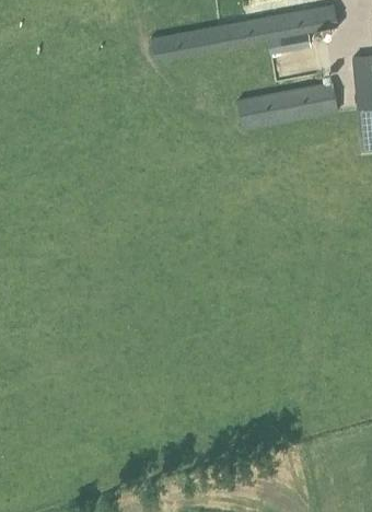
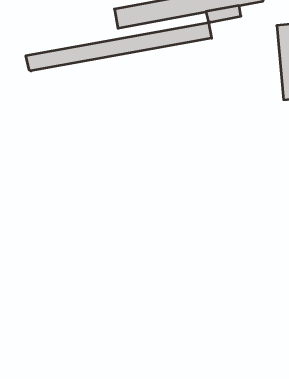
building: none -> [26,22,212,71]
building: [237,83,338,129] -> none

